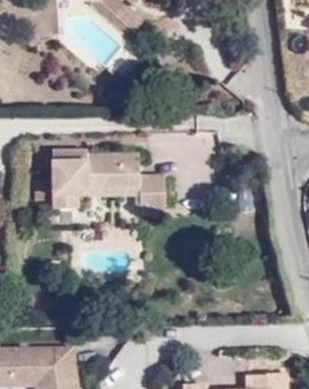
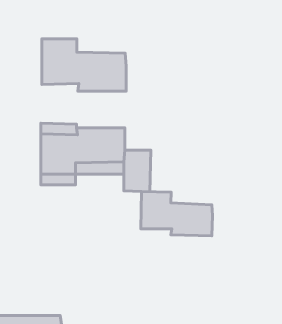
building: none -> [42,39,126,91]
building: none -> [141,192,212,236]

